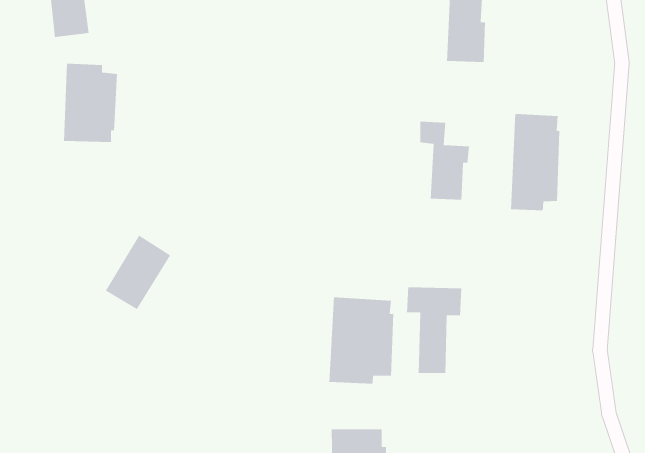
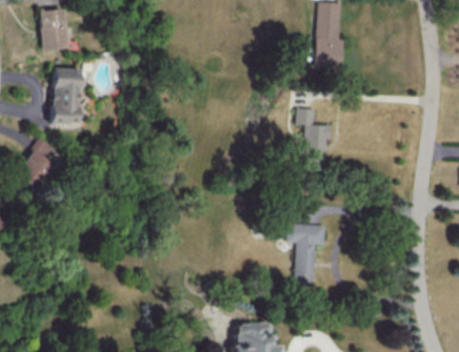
building: [510,113,560,211] -> none
building: [105,235,171,310] -> [13,139,60,191]
building: [328,297,394,385] -> none

